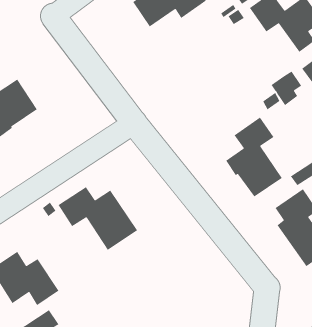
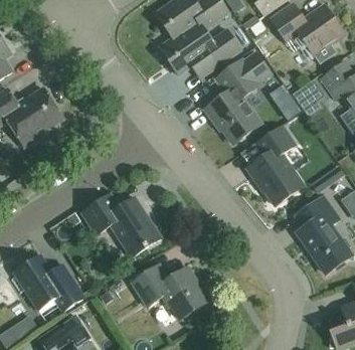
building: none -> [160,20,241,77]
building: none -> [205,49,273,143]
building: none -> [133,264,207,318]

